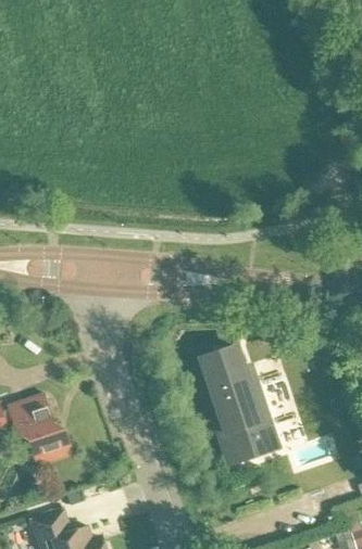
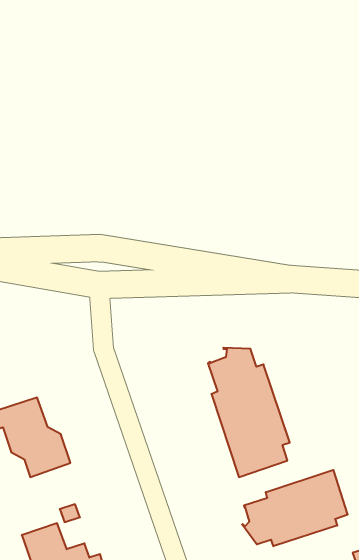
building: none -> [242,470,348,546]

